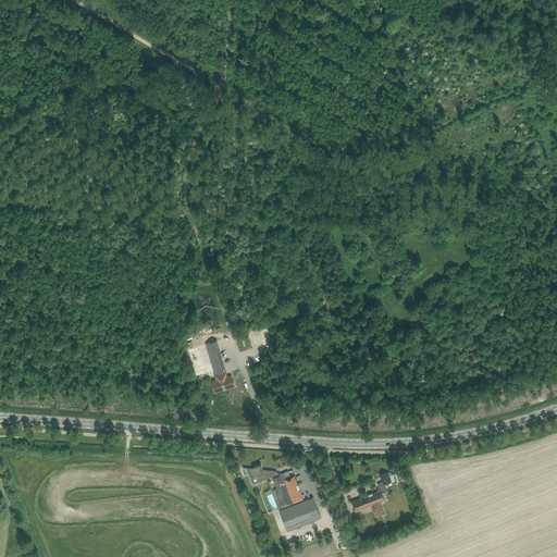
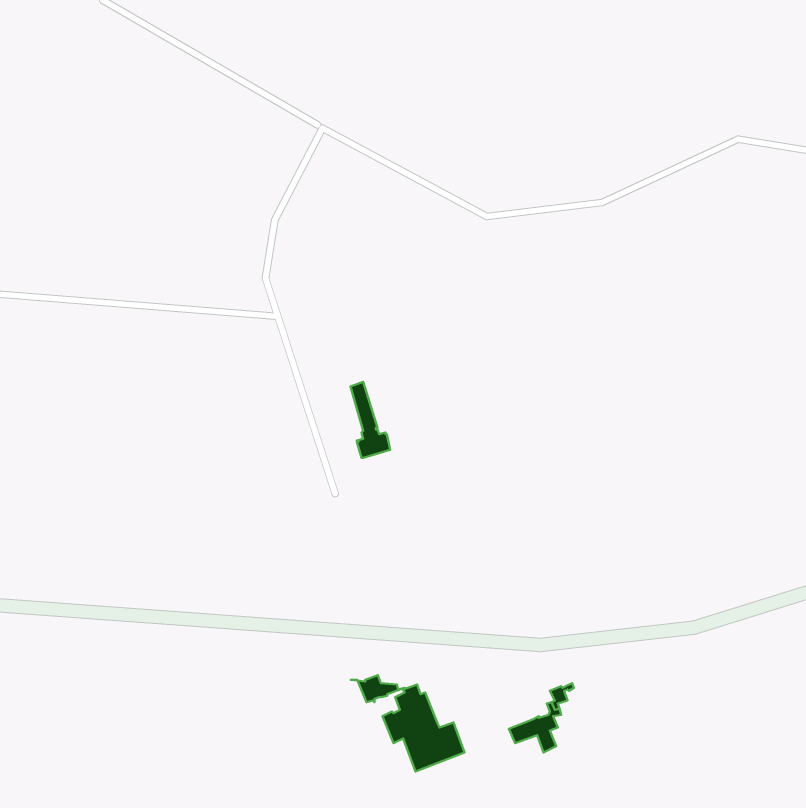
building: [208,341,235,393] -> [351,382,390,458]

